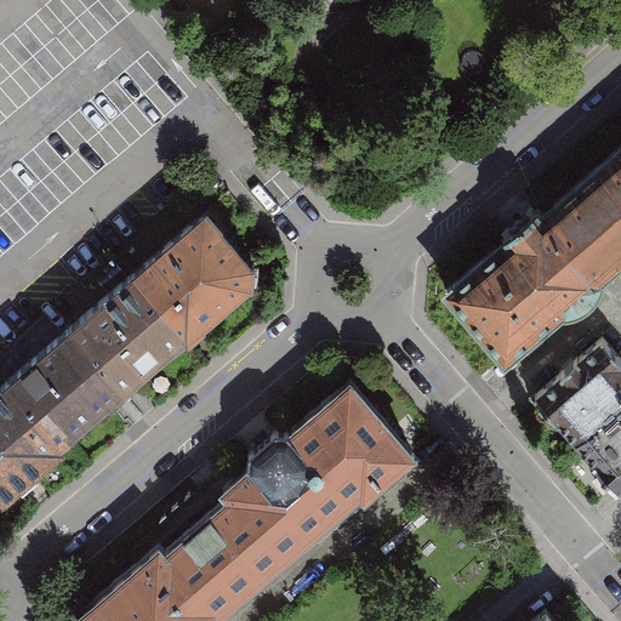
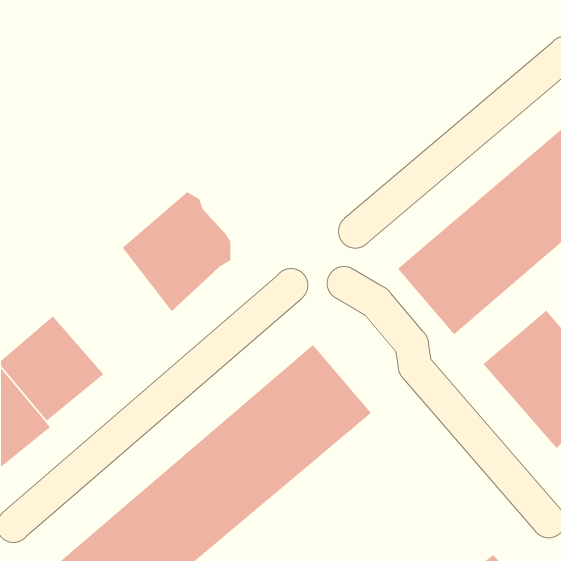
building: [63,277,193,415] -> none

